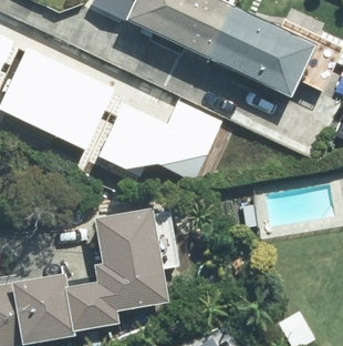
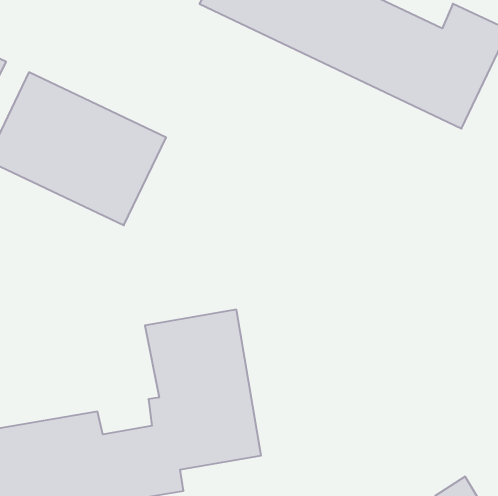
building: [93,104,219,184] -> none

